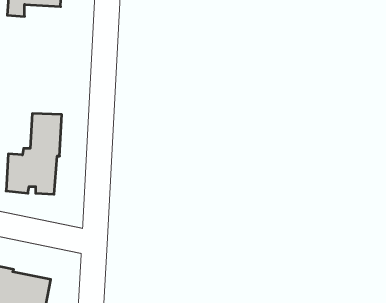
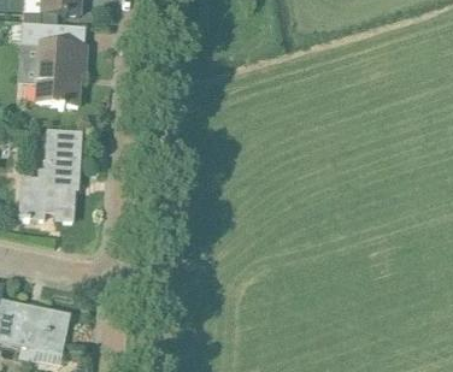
building: none -> [18,22,86,104]

